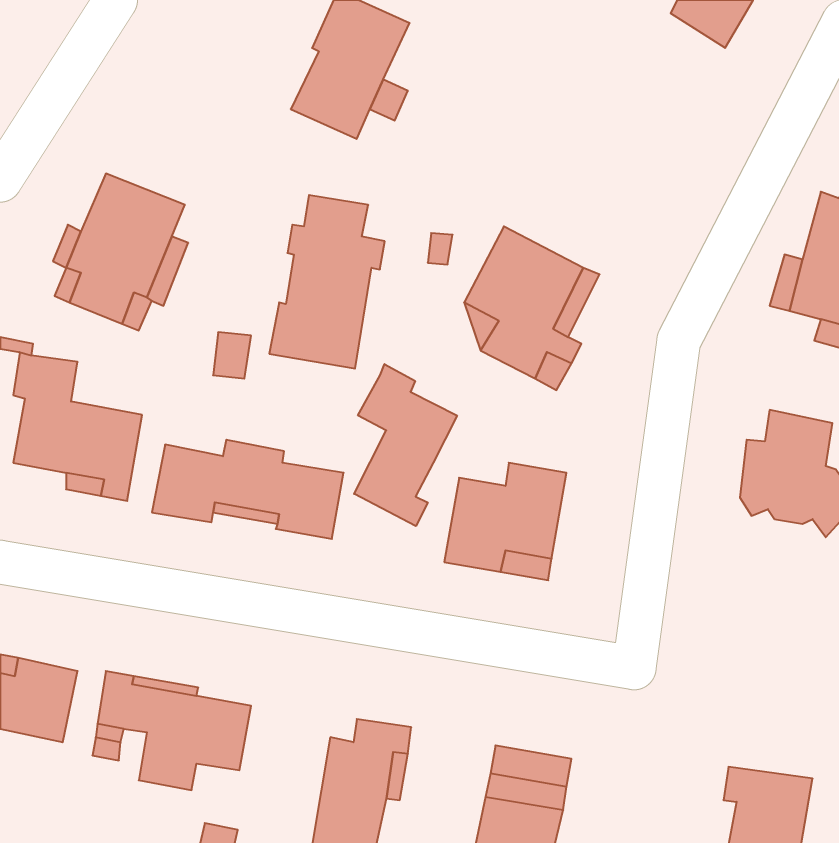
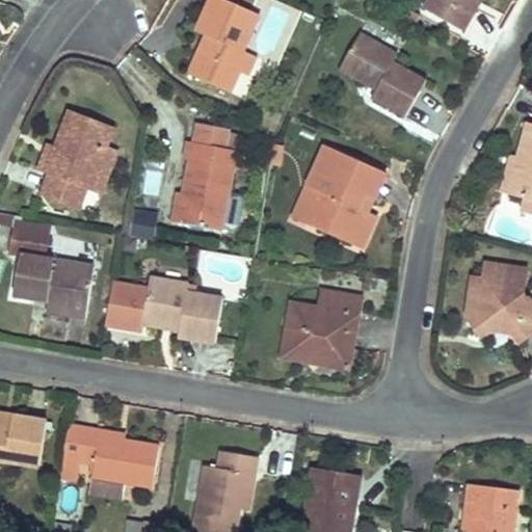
building: none -> [336,33,424,121]
building: [354,364,457,526] -> none

